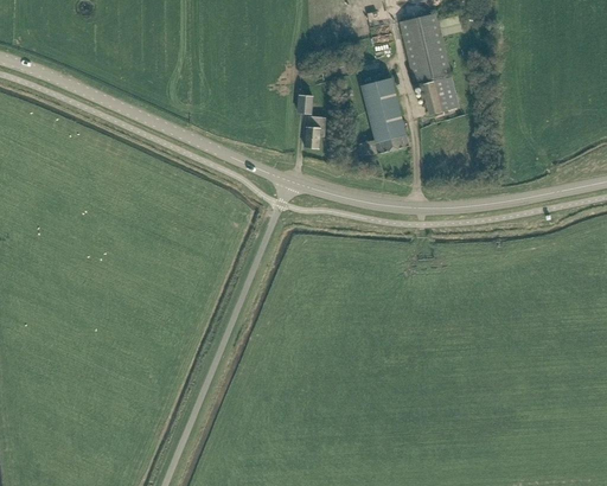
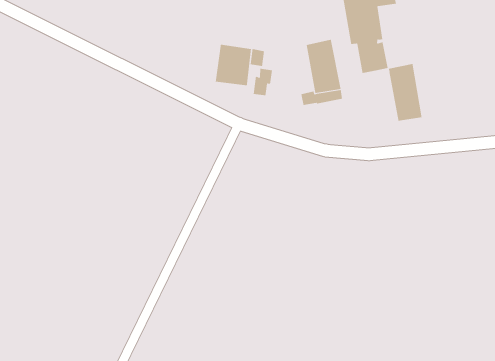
building: none -> [215,44,251,86]
building: none -> [389,63,422,121]

